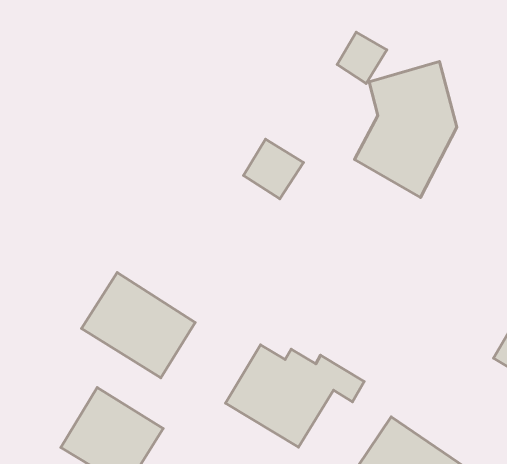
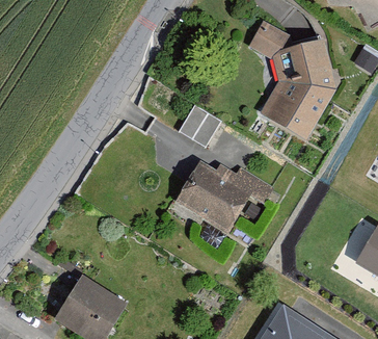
building: [82,273,195,378] -> none
building: [225,345,364,447] -> [178,157,276,230]

